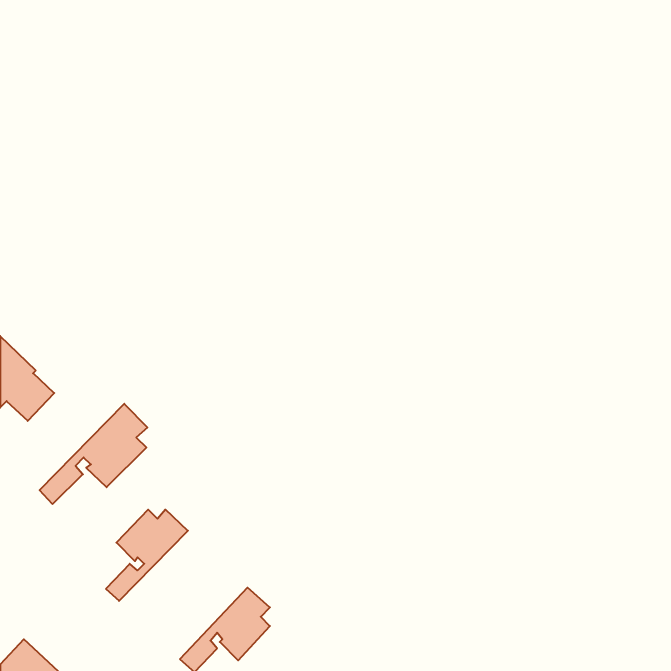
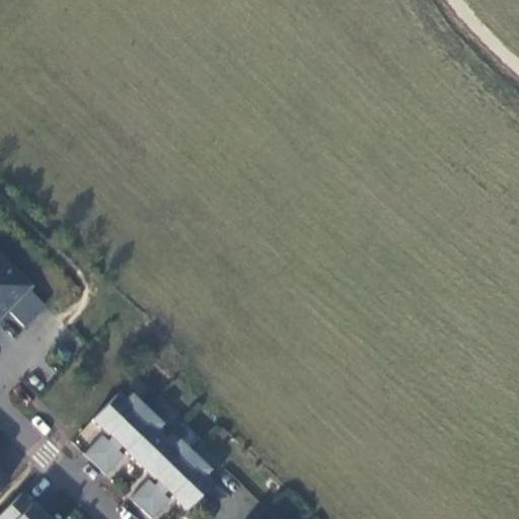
building: [40,404,147,504] -> none
building: none -> [95,411,194,509]

